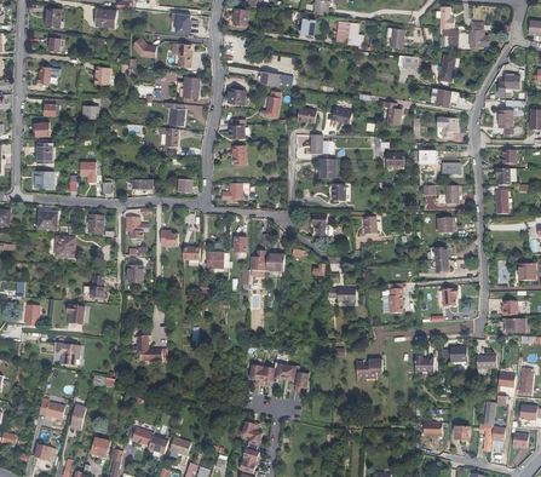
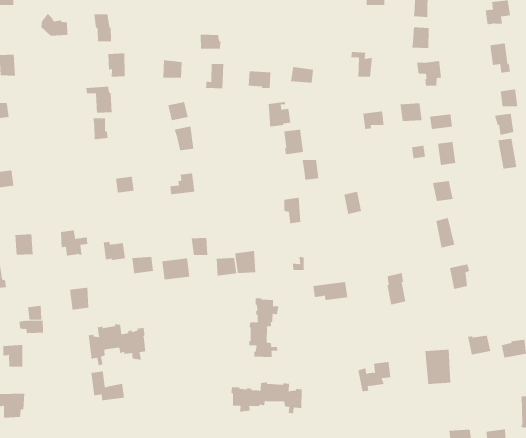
building: none -> [249,297,279,358]
building: none -> [88,323,146,366]

